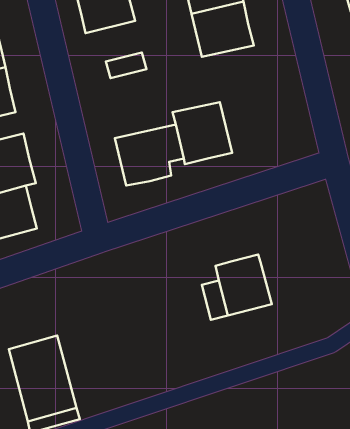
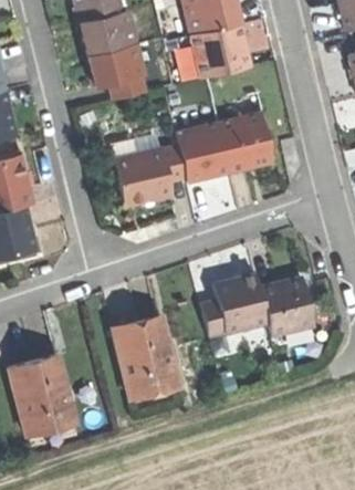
building: none -> [86,44,142,87]
building: none -> [218,114,271,174]
building: none -> [258,269,315,334]
building: none -> [116,314,179,396]

